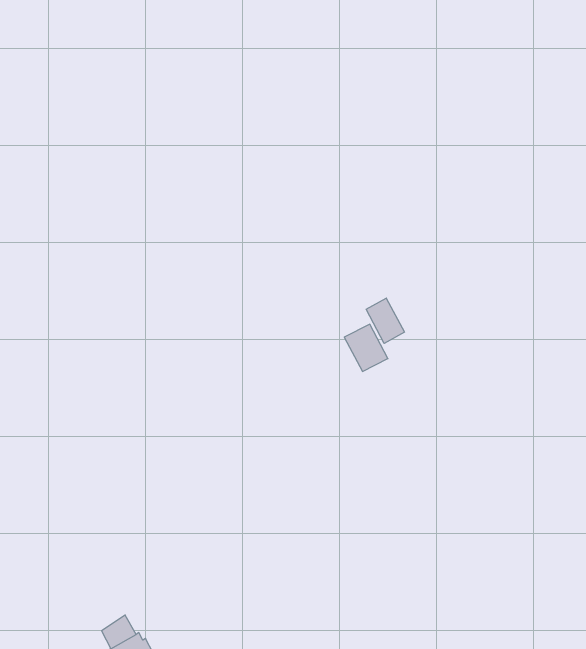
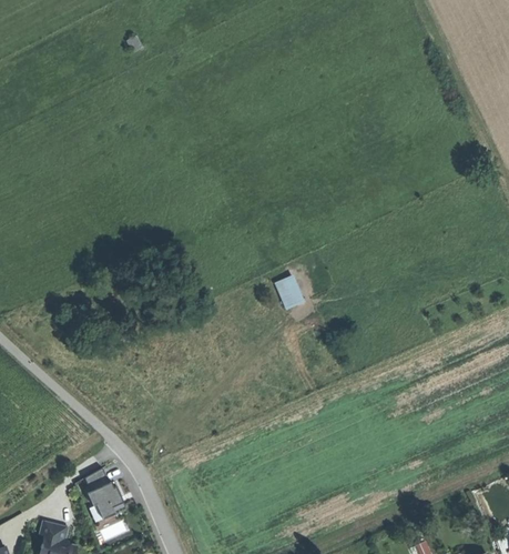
building: [366,298,404,343] -> none

